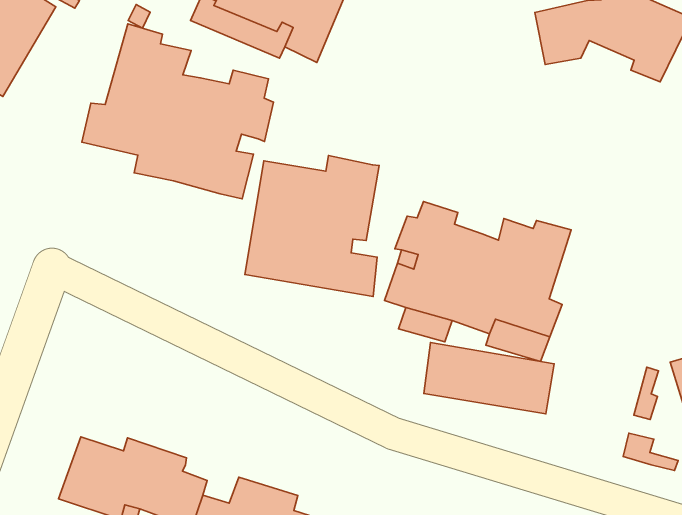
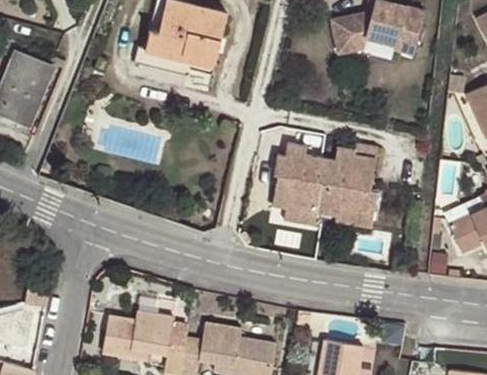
building: [82,24,274,199] -> none
building: [245,156,379,297] -> none
building: [424,343,554,414] -> none

